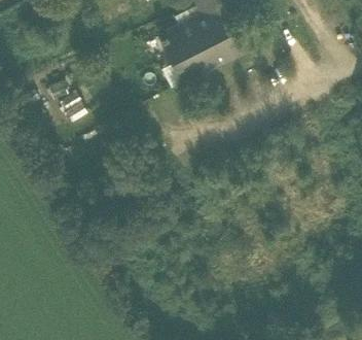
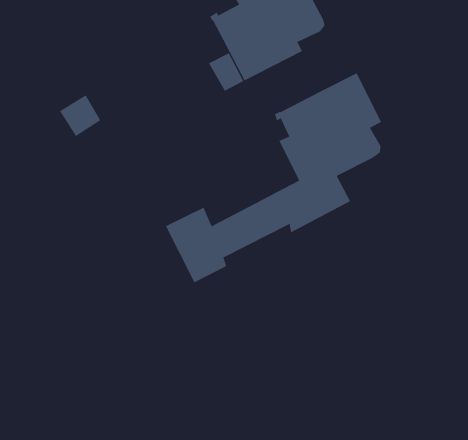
building: none -> [165,73,382,283]

